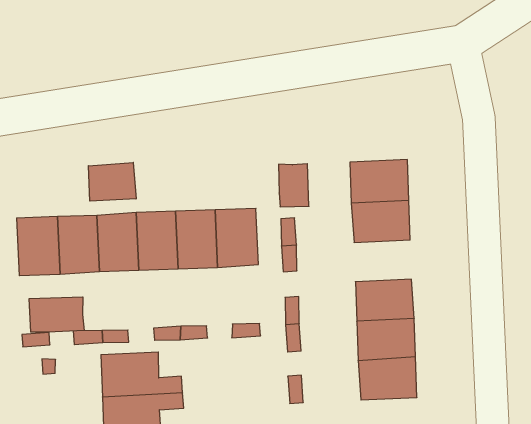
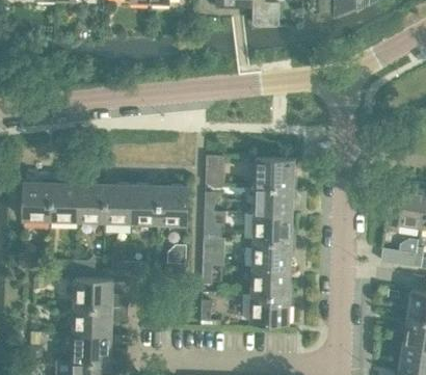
building: [88,162,136,201] -> none
building: none -> [252,213,292,241]
building: [29,297,84,332] -> none

